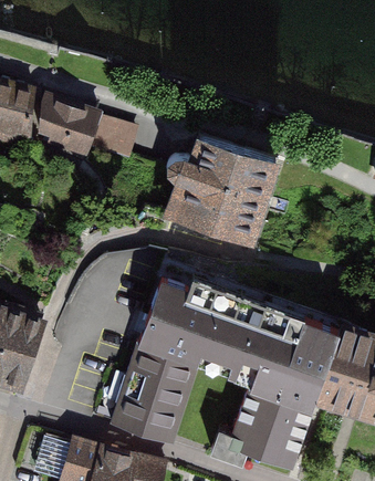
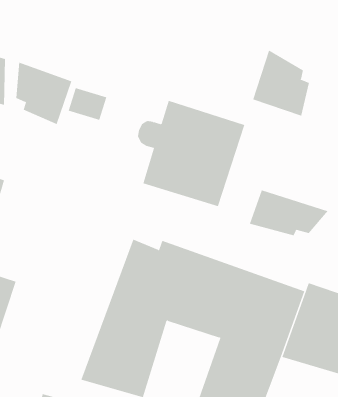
building: none -> [253,49,310,116]
building: none -> [249,189,328,236]

